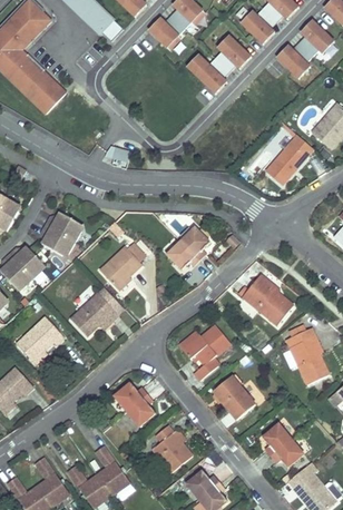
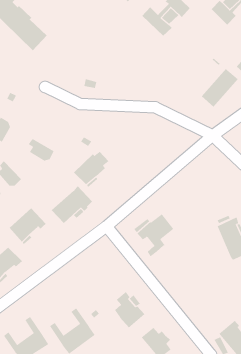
building: [45,212,80,242] -> none
building: [165,226,208,268] -> none
building: [8,246,41,278] -> none
building: [242,274,292,324] -> none
building: [213,375,254,419] -> none
building: [112,382,155,426] -> none
building: [262,422,303,467] -> none

